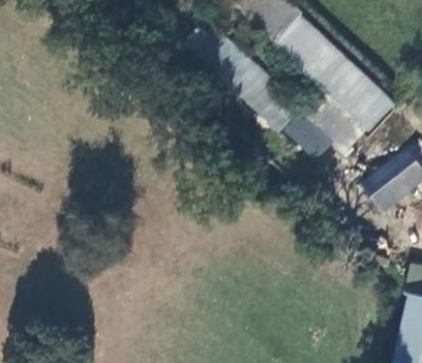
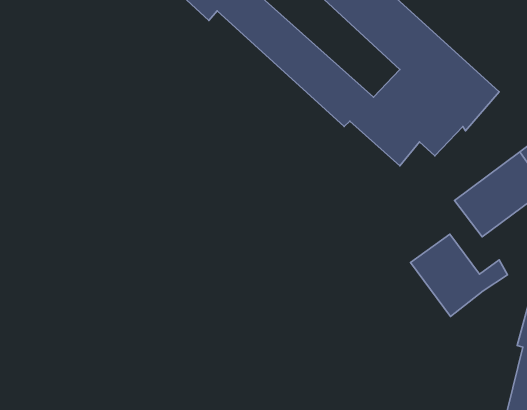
building: none -> [410,234,508,316]

